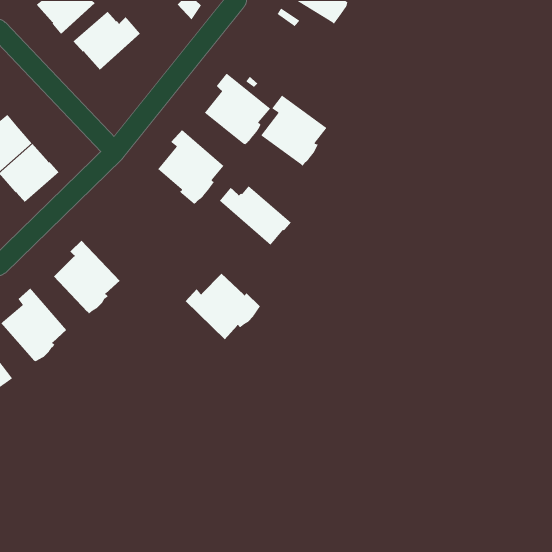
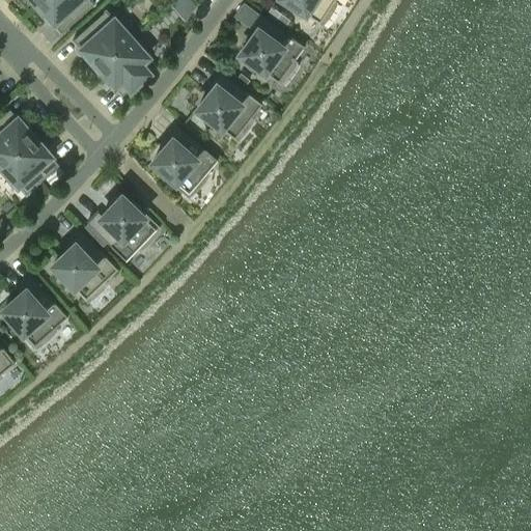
building: none -> [95,34,152,97]
building: [260,94,328,167] -> [237,16,302,85]
building: [219,185,292,246] -> none
building: [185,273,261,340] -> [84,198,157,262]

